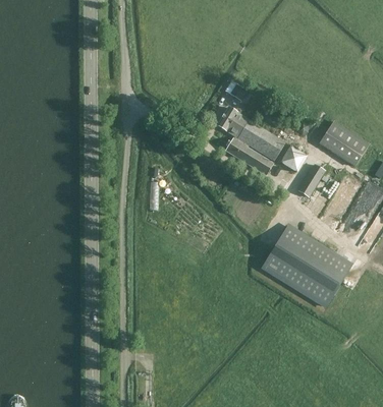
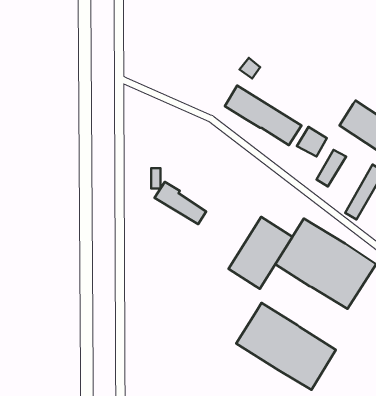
building: [225,137,271,175] -> [155,182,206,224]
building: none -> [229,217,292,289]
building: none -> [236,303,336,390]

